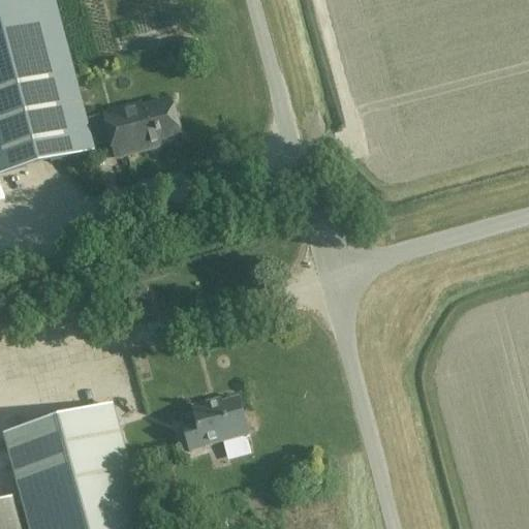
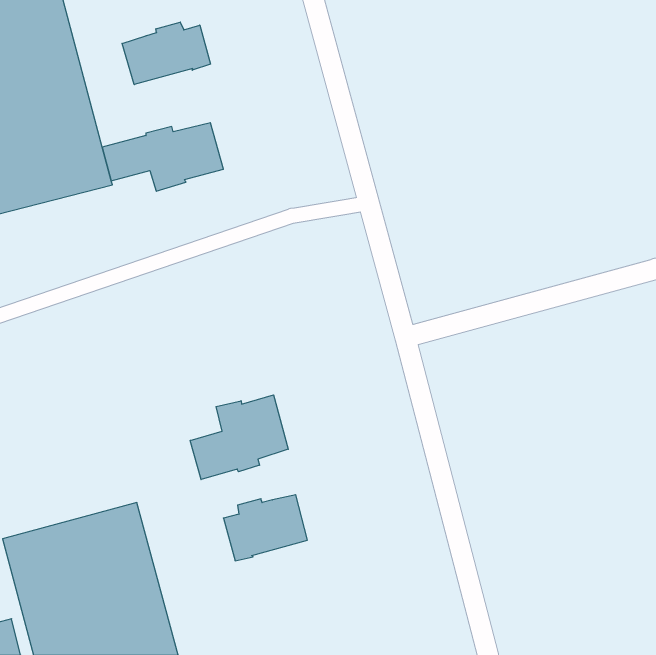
building: none -> [122,22,211,85]
building: none -> [190,395,288,480]

